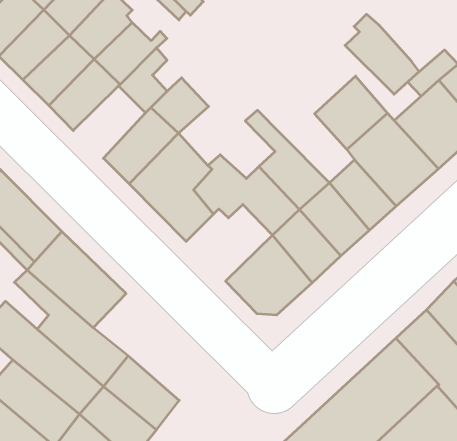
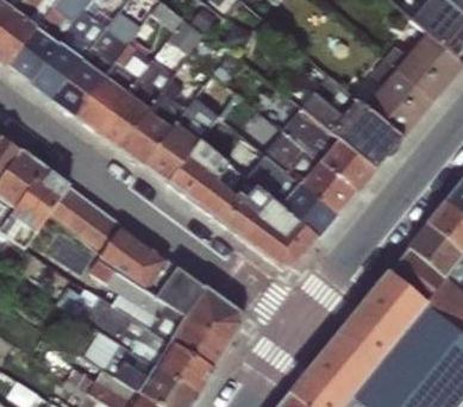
building: [345,14,419,94] -> [277,102,337,161]
building: none -> [118,109,171,167]
building: none -> [217,187,282,248]
building: none -> [155,268,240,344]

